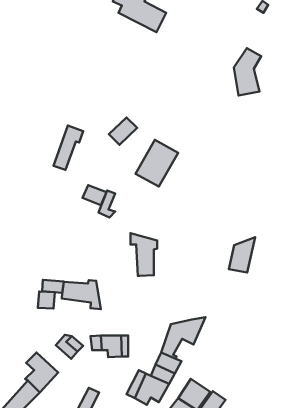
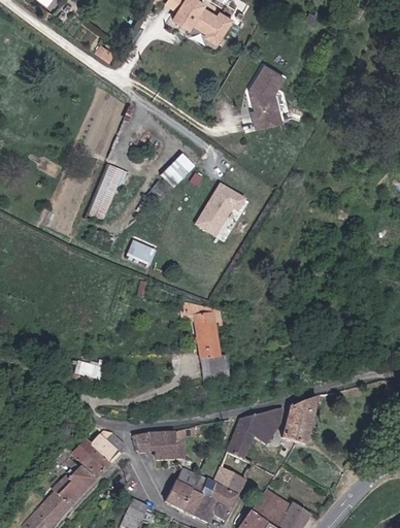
building: [234,48,261,96] -> [249,66,285,127]
building: [99,190,115,217] -> none
building: [229,237,255,272] -> [282,396,316,441]
building: none -> [199,355,226,377]
building: [62,280,101,309] -> none
building: [38,292,55,309] -> none
building: none -> [72,438,111,476]
building: none -> [167,469,198,507]

